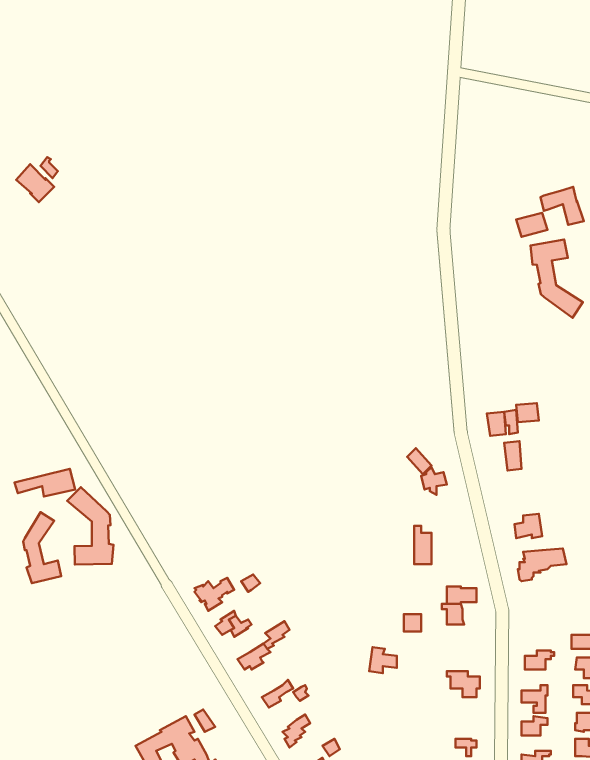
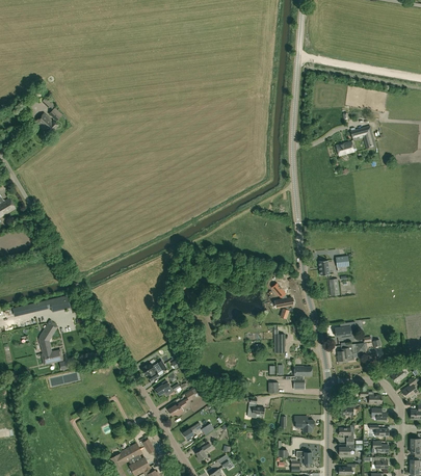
building: [531,239,583,318] -> none
building: [67,487,113,565] -> none

